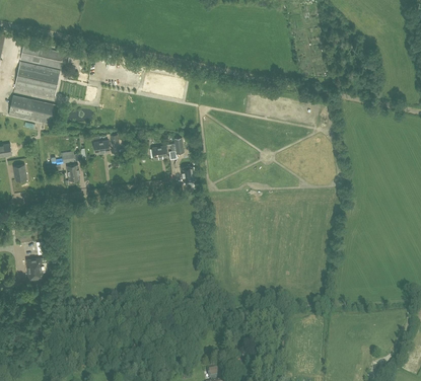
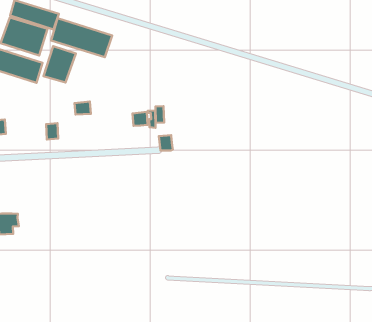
building: none -> [51,18,112,57]
building: none -> [43,46,76,83]

